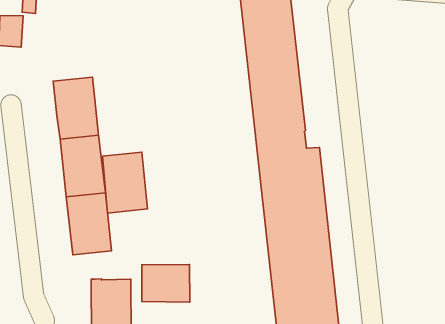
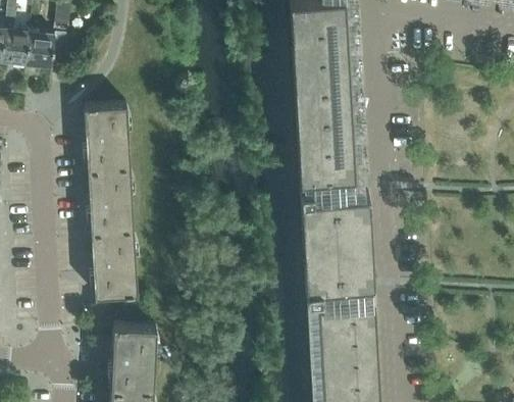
building: [103,152,148,213] -> none
building: [142,264,190,302] -> none

